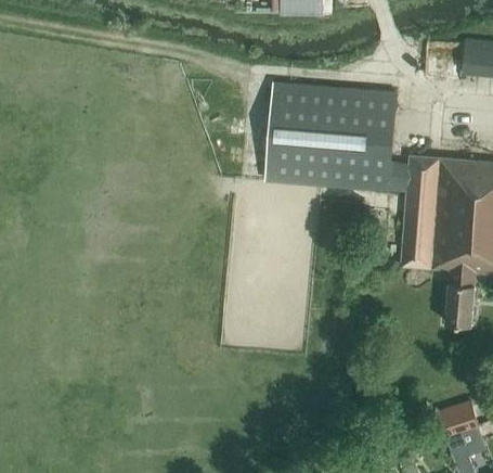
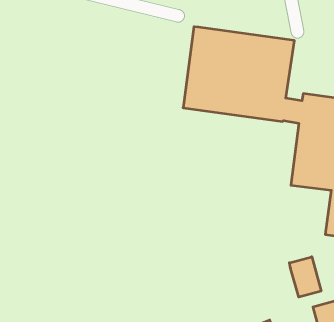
building: none -> [289,257,321,297]

